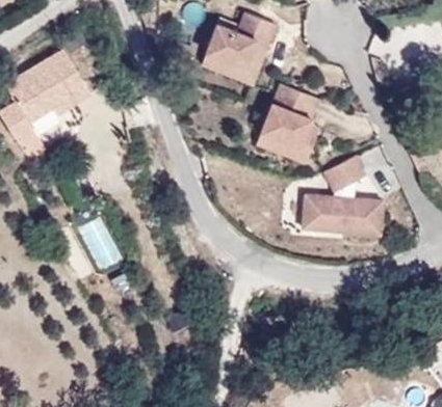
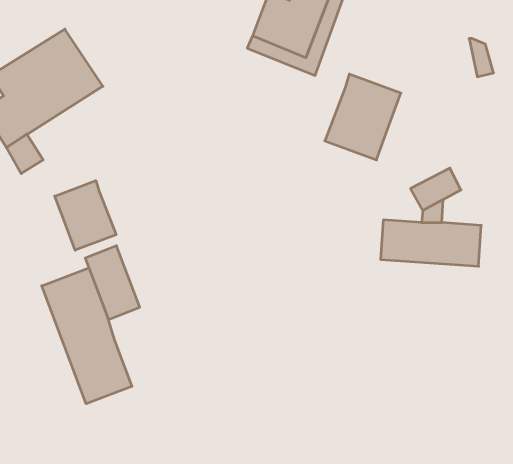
building: [257,124,319,163] -> none
building: none -> [55,181,116,250]
building: none -> [42,268,132,404]

